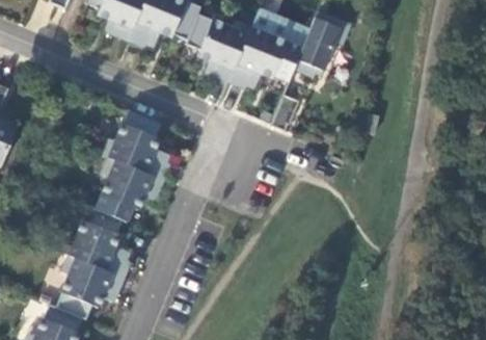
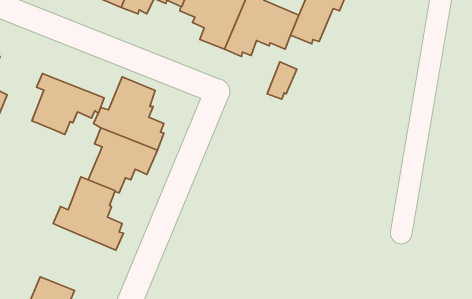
building: none -> [32,74,104,135]
building: [56,254,123,318] -> none

